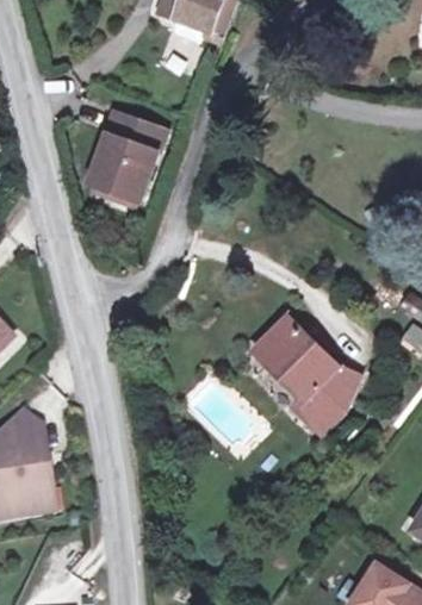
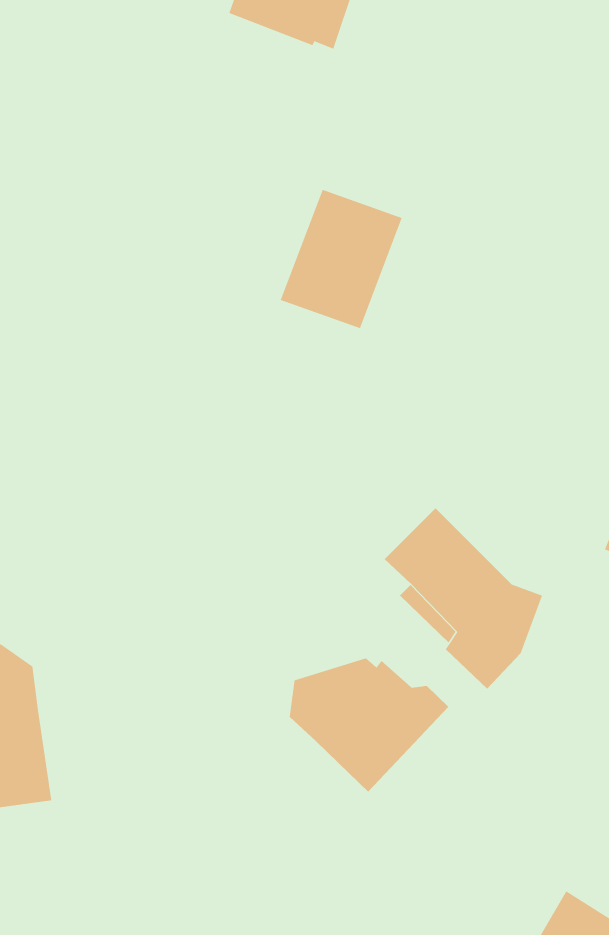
building: [91,113,167,200] -> [280,189,403,329]
building: none -> [289,657,449,793]

